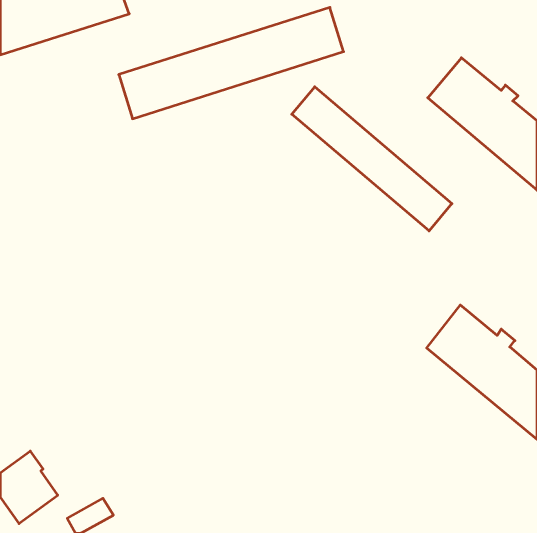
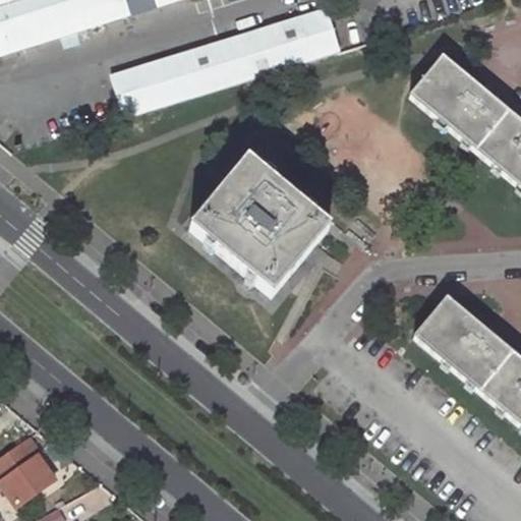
building: [292,87,452,231] -> none
building: none -> [192,159,331,296]

